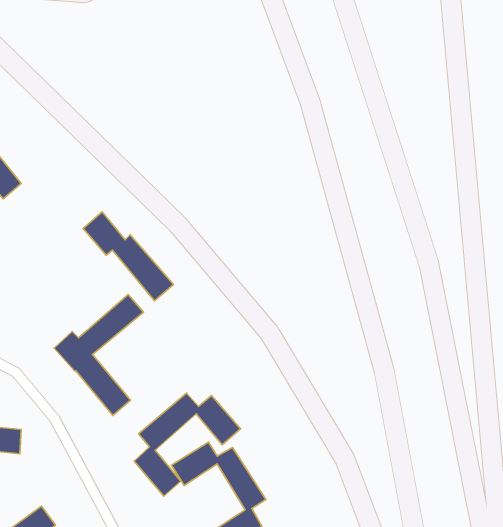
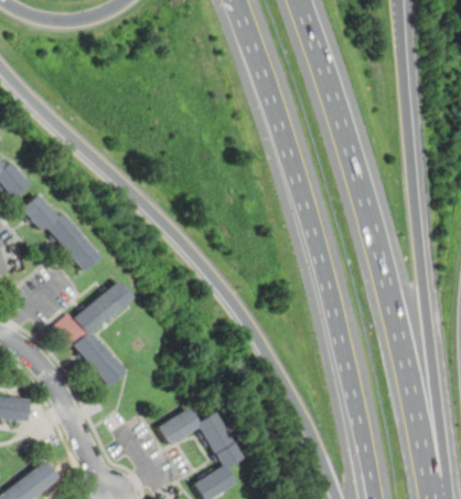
building: [83,212,174,301] -> [22,194,100,272]
building: [134,393,241,496] -> none

